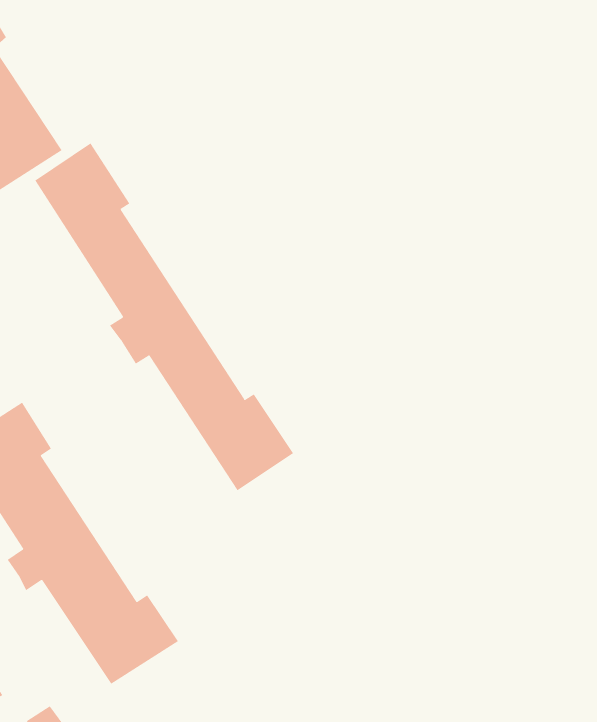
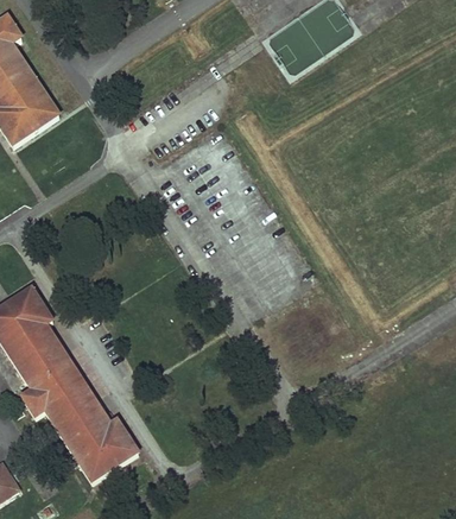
building: [34,142,294,491] -> none

